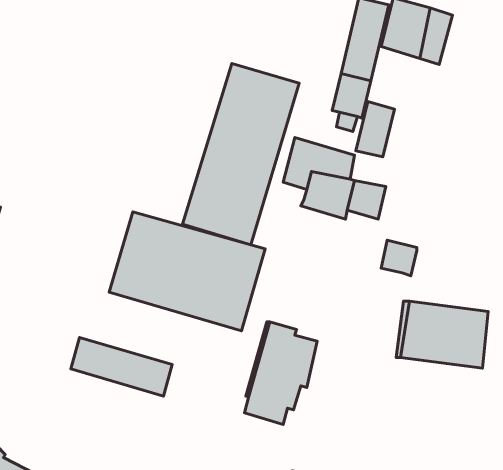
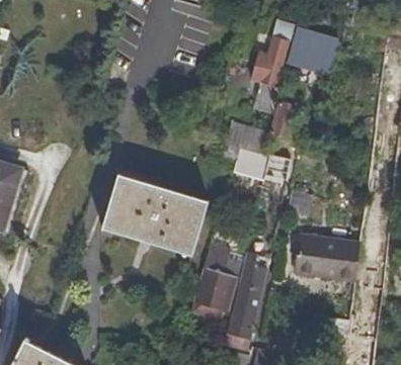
building: [182,63,299,245] -> none
building: none -> [228,259,265,340]
building: [71,337,172,396] -> none

